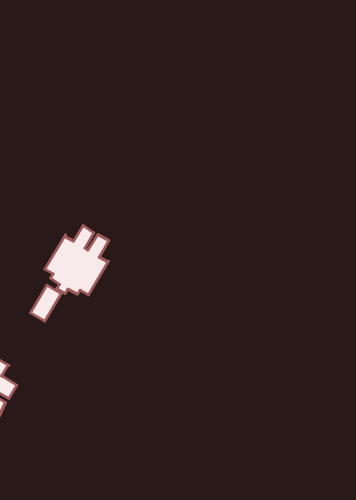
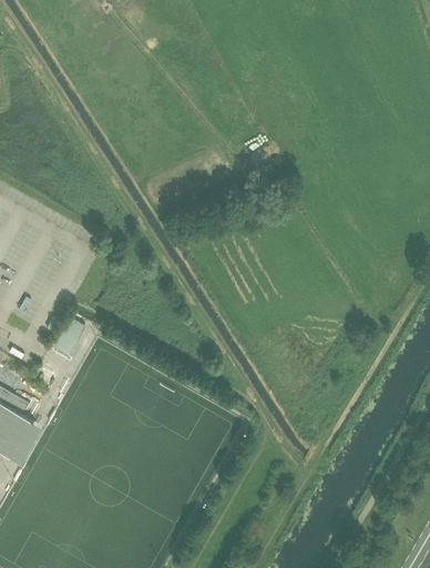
building: [45,225,109,295] -> none

